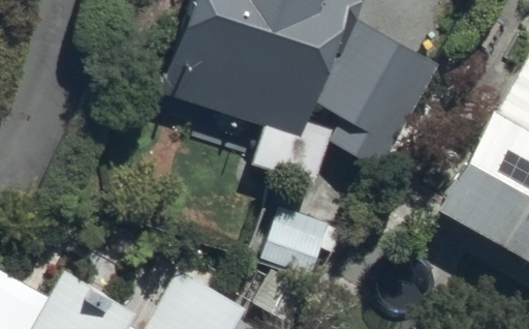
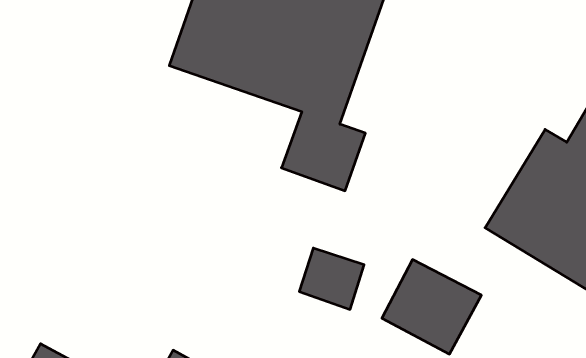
building: [315,23,436,147] -> none

